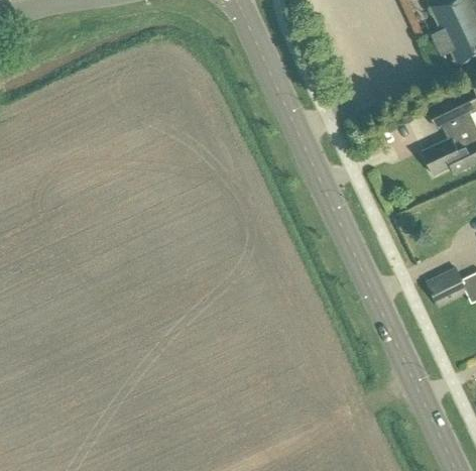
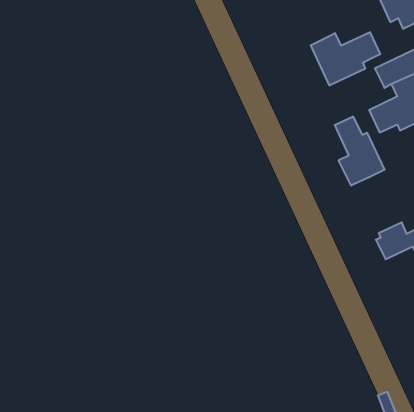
building: none -> [311,32,380,86]
building: none -> [335,116,384,186]

